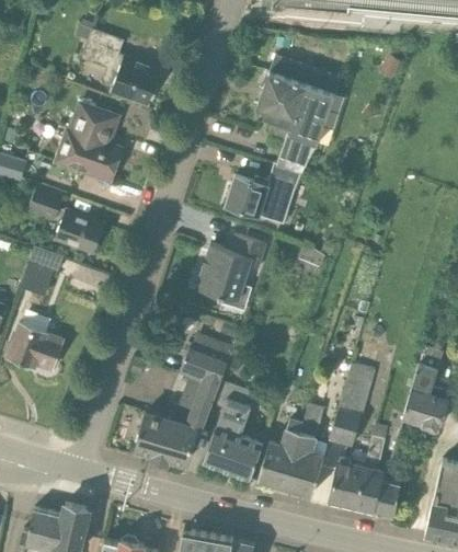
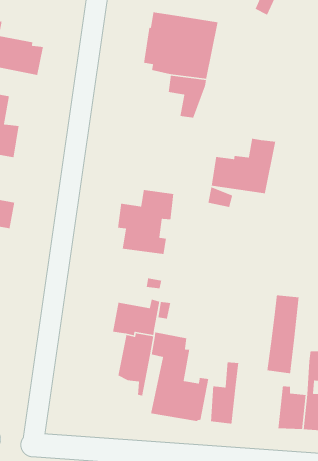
building: [226,164,299,223] -> [211,138,276,194]
building: [285,404,323,495] -> none
building: [135,413,197,464] -> none

